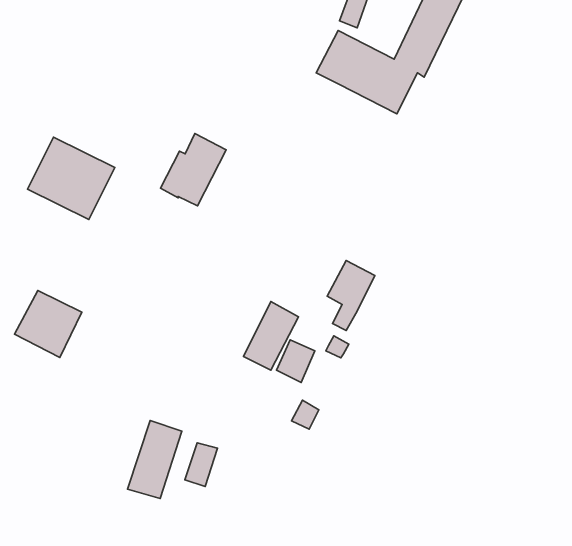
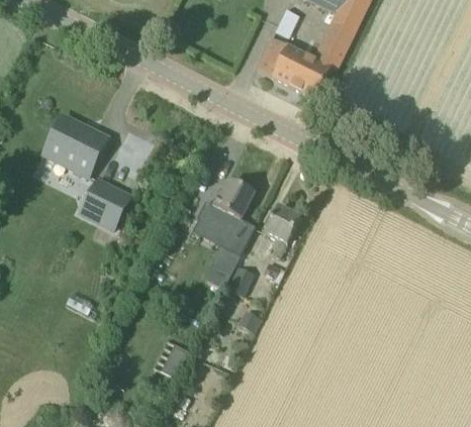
building: [160,133,226,206] -> [204,181,253,234]
building: [15,290,82,357] -> [80,180,129,229]
building: [128,421,182,498] -> none

